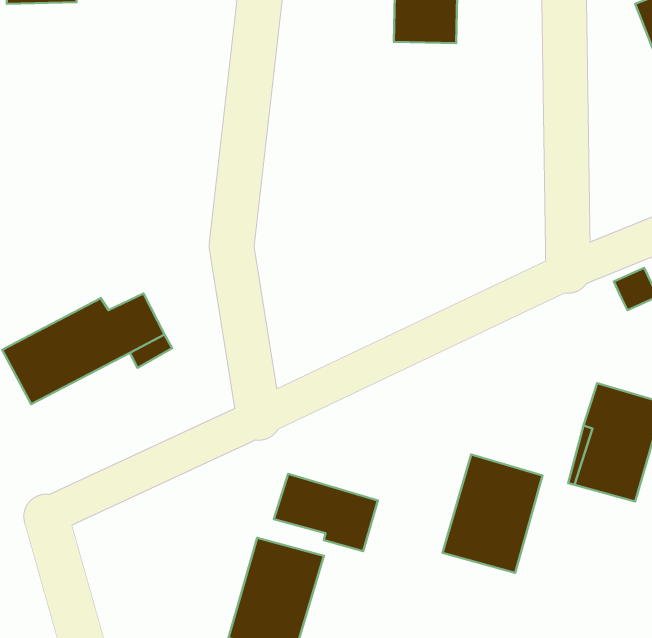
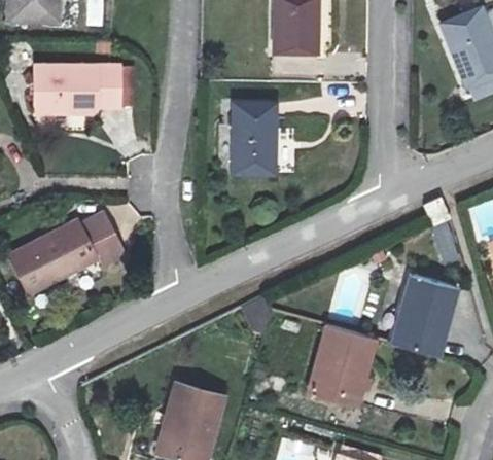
building: none -> [38,66,121,114]
building: none -> [230,98,276,170]
building: [274,474,378,551] -> none

